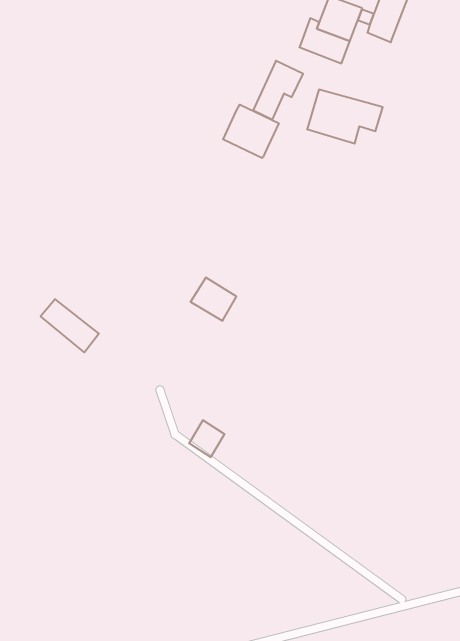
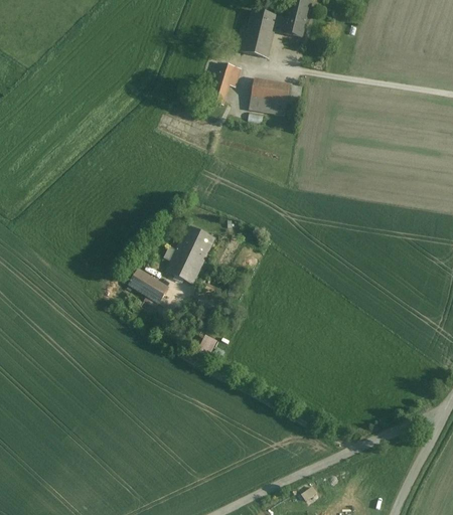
building: [223,105,279,158] -> none
building: [41,299,99,352] -> [130,270,174,306]
building: none -> [166,244,204,282]

